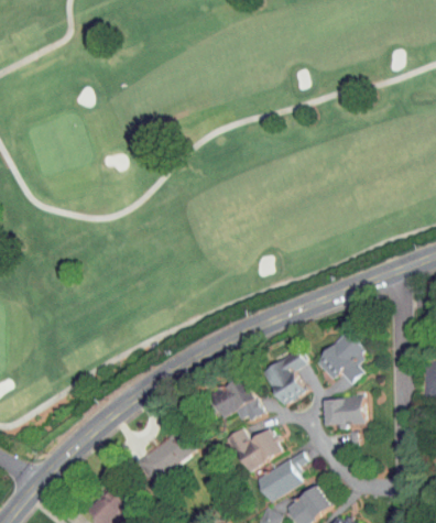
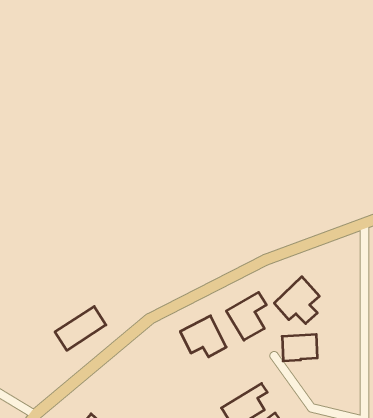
building: [226,427,282,472] -> none
building: [135,432,193,481] -> [55,306,106,350]

